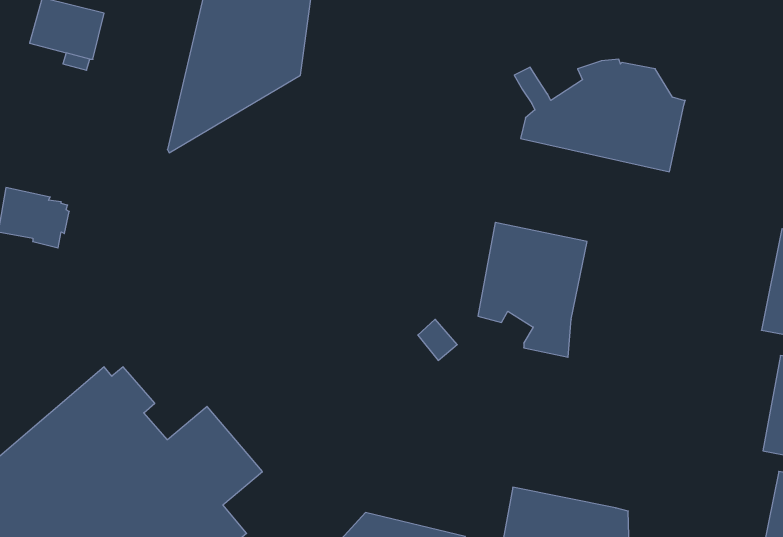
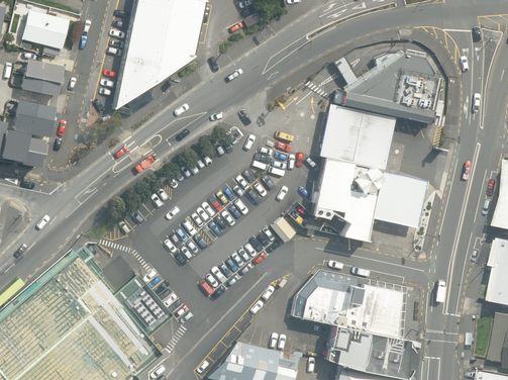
building: none -> [22,62,66,99]
building: none -> [314,102,423,227]
building: none -> [14,103,57,140]
building: none -> [290,269,403,338]

